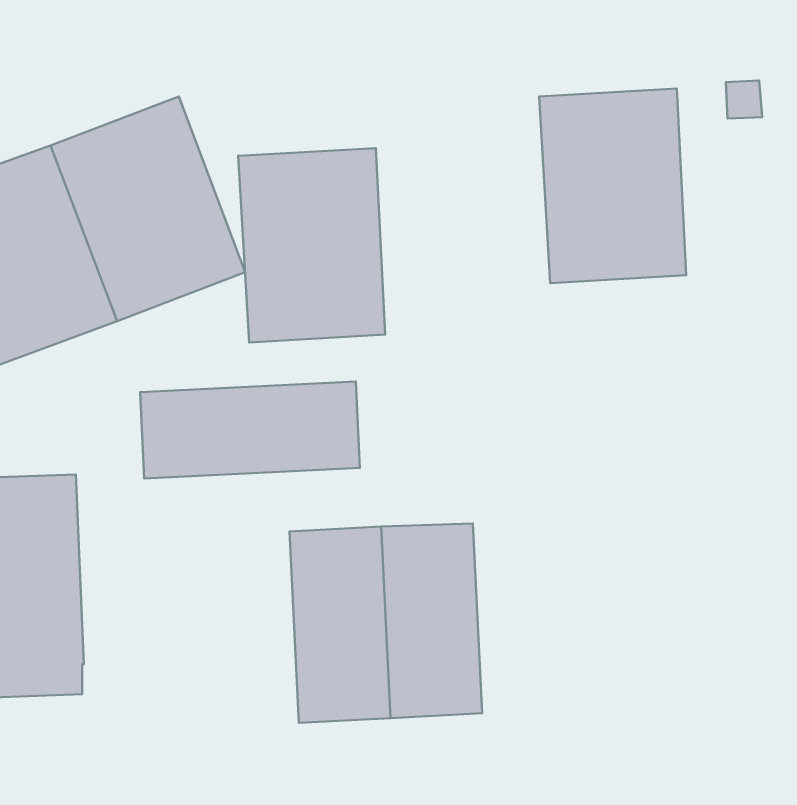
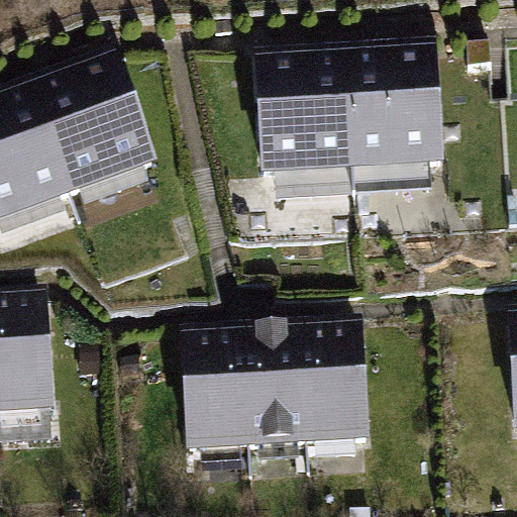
building: [238,148,385,343] -> [256,62,350,186]
building: [140,381,360,479] -> none
building: none -> [302,331,367,455]

